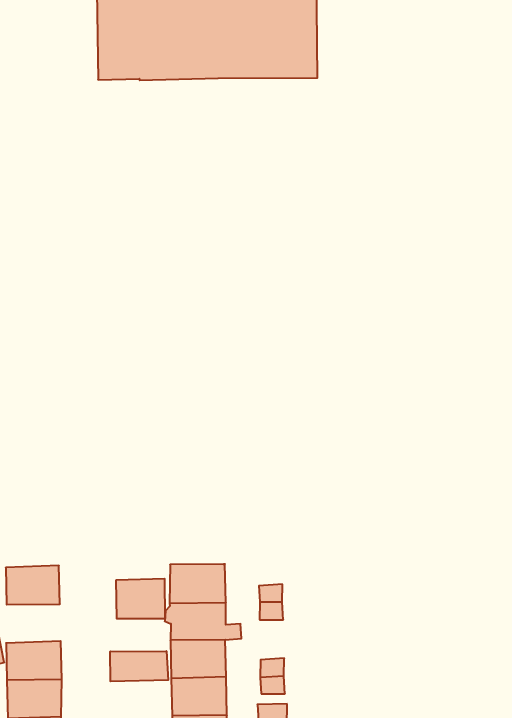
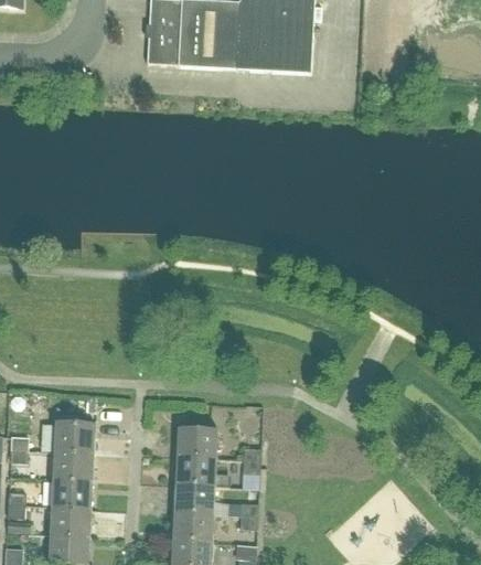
building: [116,579,165,619] -> none
building: none -> [52,450,94,480]
building: [110,651,168,681] -> none

